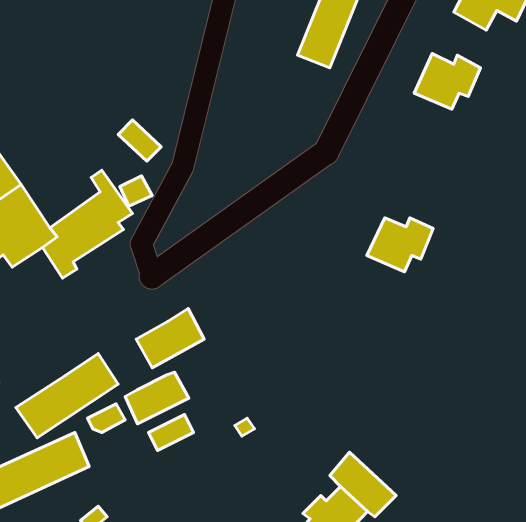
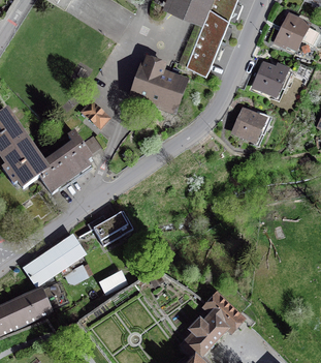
building: none -> [133,58,184,108]
building: [367,218,433,272] -> [232,111,270,142]
building: [125,372,189,424] -> none

